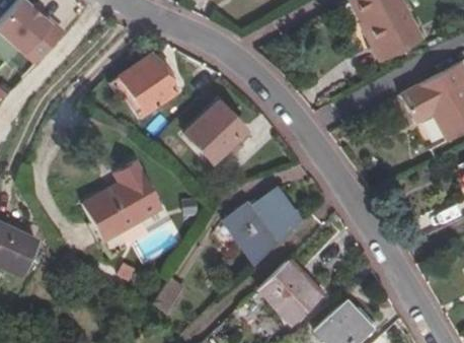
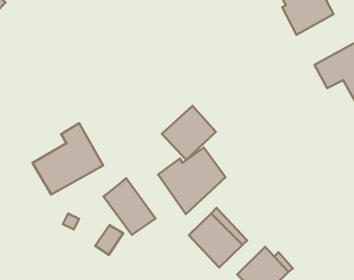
building: [119,53,176,114] -> none
building: [184,101,245,162] -> [162,106,216,160]
building: none -> [104,178,156,235]

